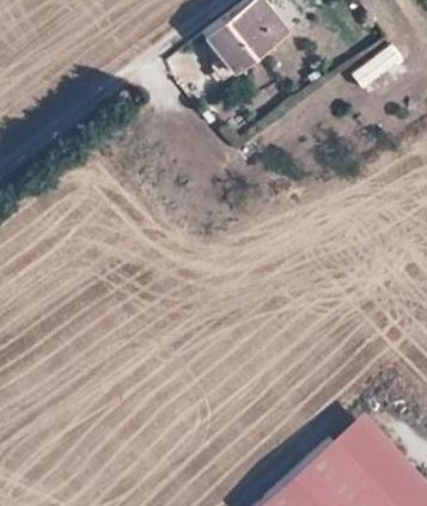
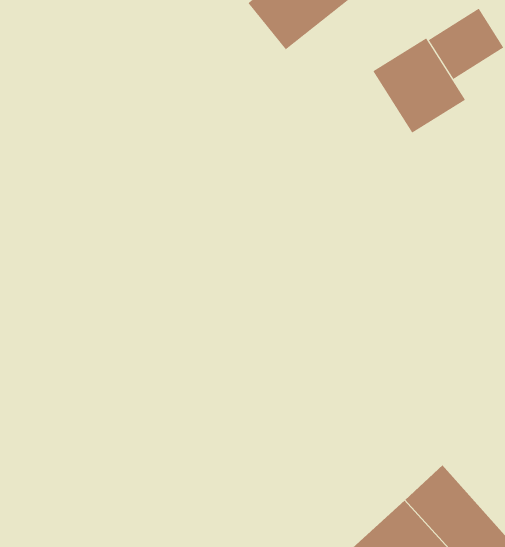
building: none -> [373,37,466,134]

